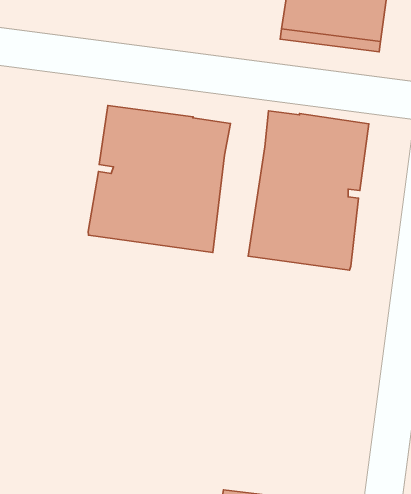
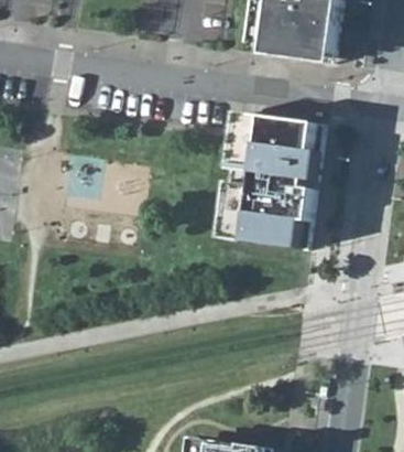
building: [88,105,230,253] -> none

